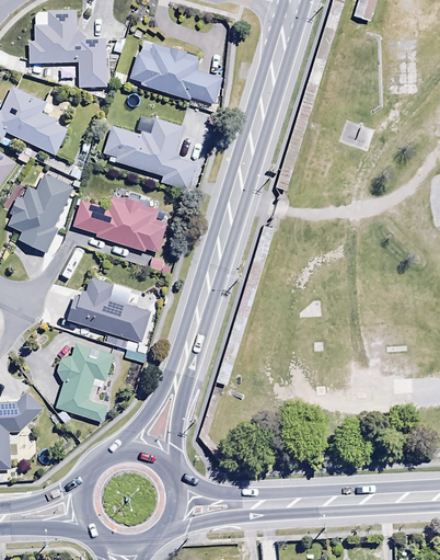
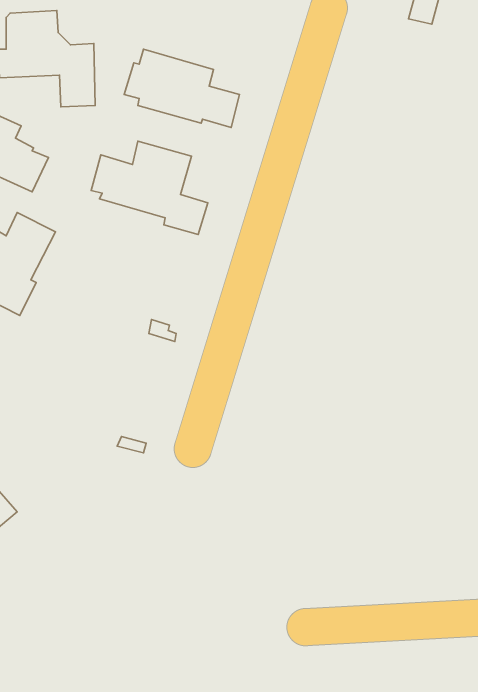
building: [73,193,166,252] -> none
building: [67,277,149,341] -> none
building: [56,343,113,422] -> none

